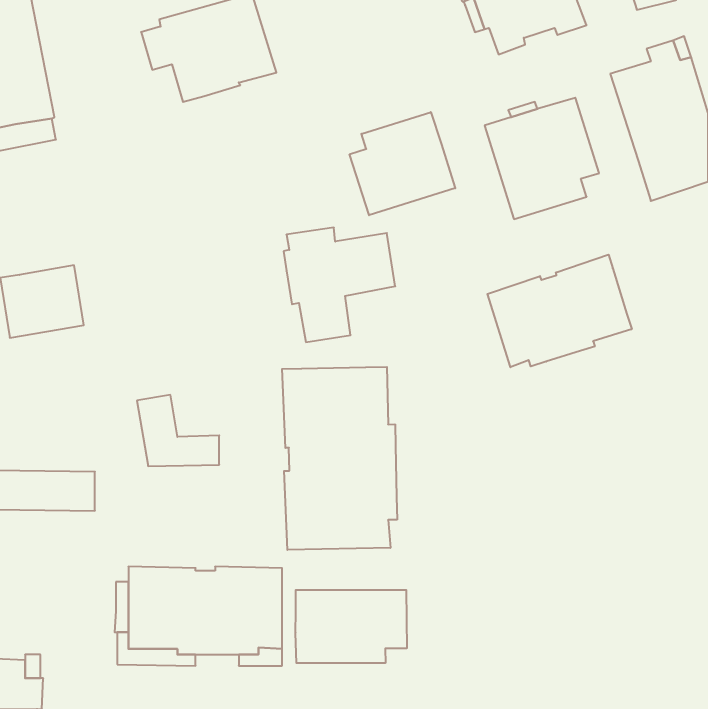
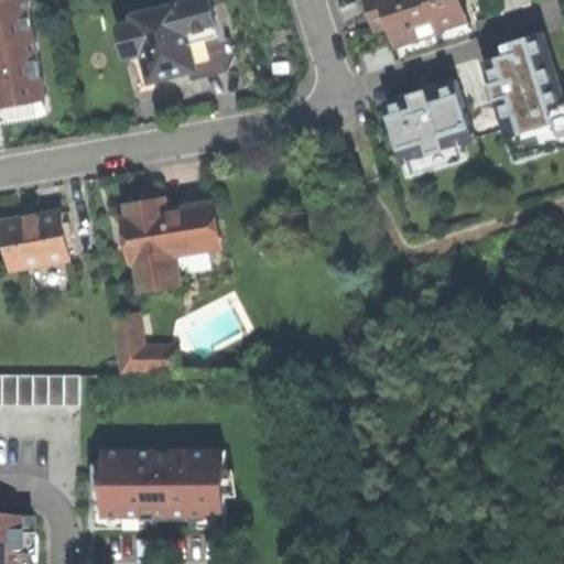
building: [350,112,455,215] -> none
building: [284,228,395,342] -> [121,197,209,288]
building: [487,255,632,367] -> none
building: [282,367,397,550] -> none
building: [296,590,407,663] -> none

